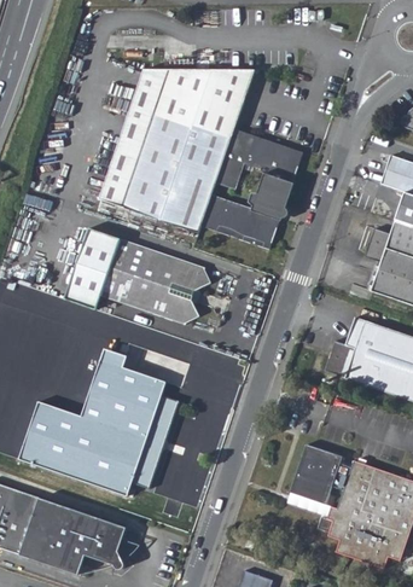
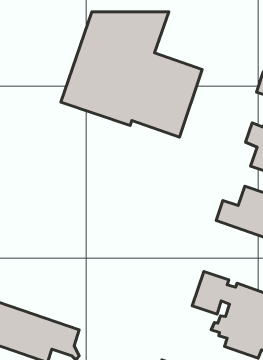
building: [62,227,210,325] -> none
building: [16,348,178,495] -> none

